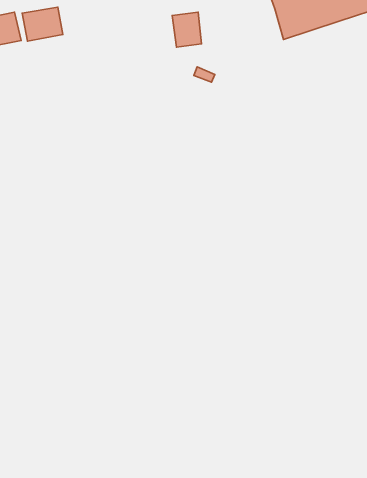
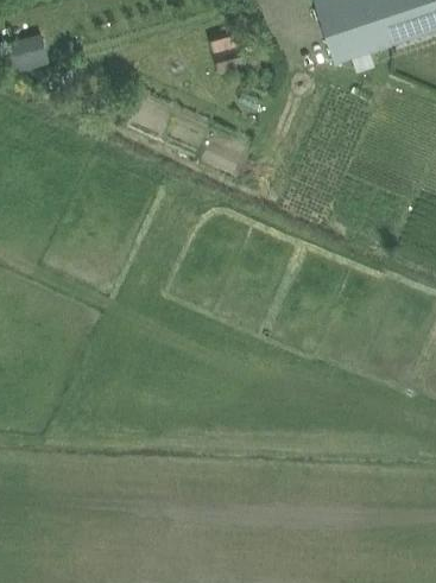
building: [22,7,63,41] -> none

